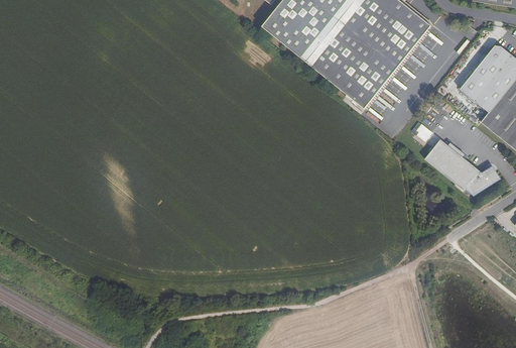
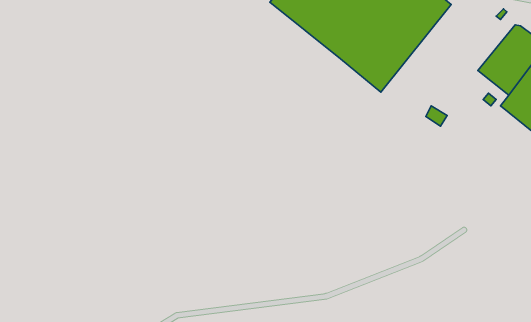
building: [426,139,502,196] -> none

